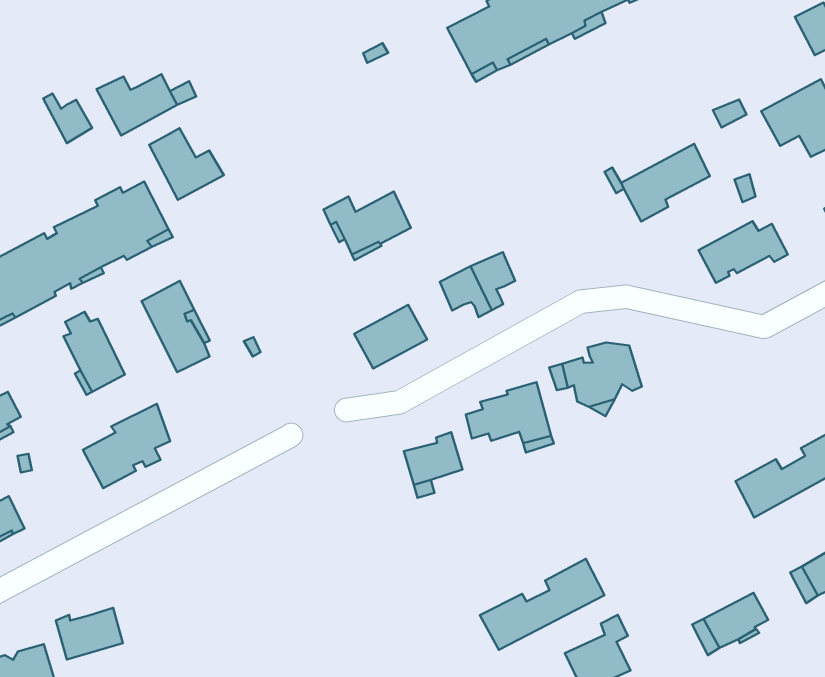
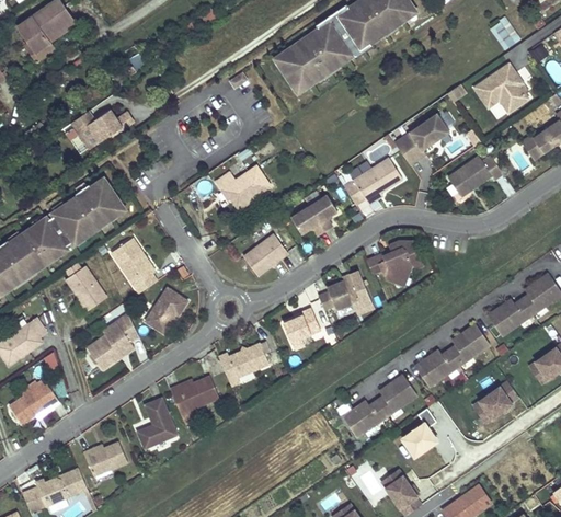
building: [43,93,92,143] -> none
building: [149,128,224,200] -> none
building: none -> [344,158,402,204]
building: none -> [146,286,187,332]
building: none -> [218,343,268,381]
building: none -> [414,324,490,387]
building: none -> [170,377,218,424]
building: none -> [137,398,176,449]

